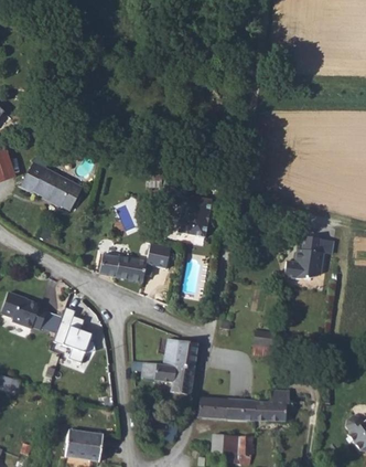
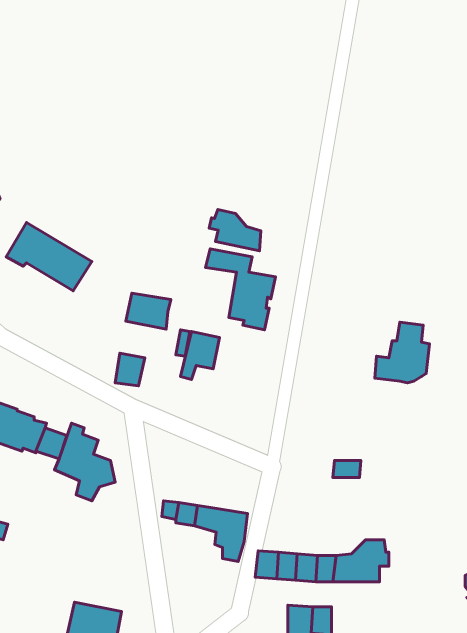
building: none -> [209,210,261,251]
building: [115,258,147,284] -> [126,293,171,329]
building: [164,338,196,369] -> none

